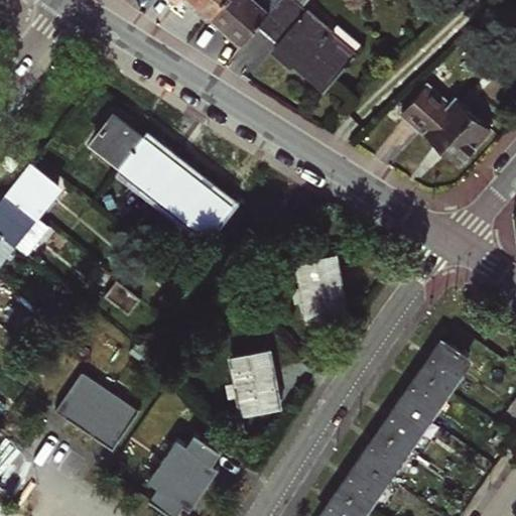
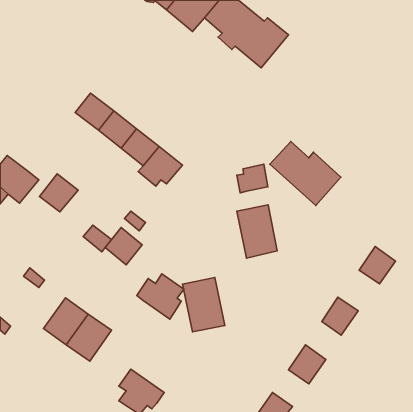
building: [401,84,490,163] -> [270,142,341,205]
building: [9,167,57,215] -> [40,174,78,212]
building: none -> [237,164,268,193]
building: none -> [105,227,142,265]
building: [421,343,467,389] -> [359,247,396,284]
building: [381,402,425,449] -> none
building: [163,434,222,491] -> [137,274,184,319]
building: [340,463,385,508] -> none

